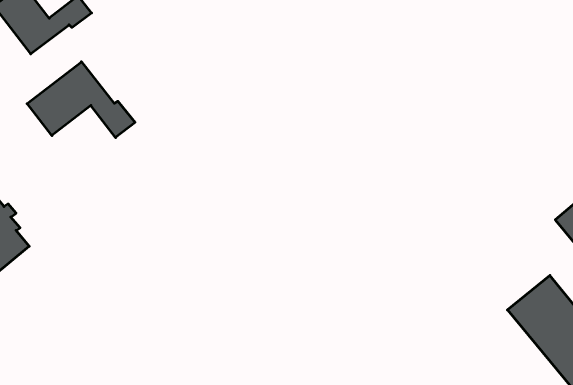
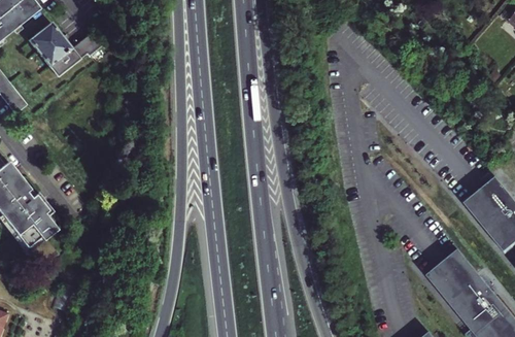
building: [27,62,135,138] -> none

